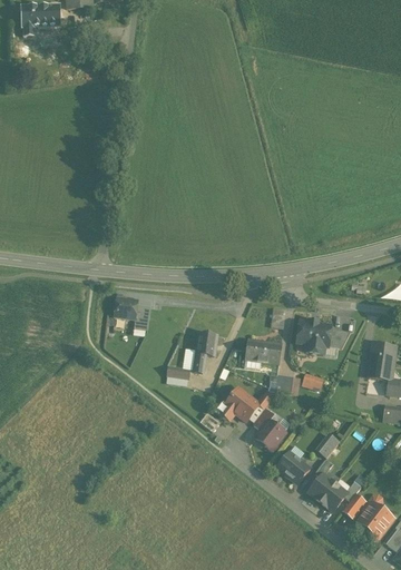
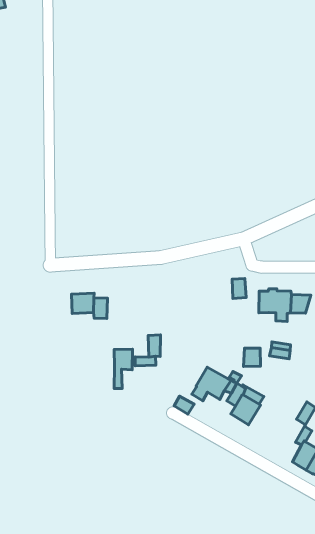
building: [194,333,217,372] -> [114,349,132,388]
building: [245,338,282,364] -> none
building: [276,451,310,483] -> none

